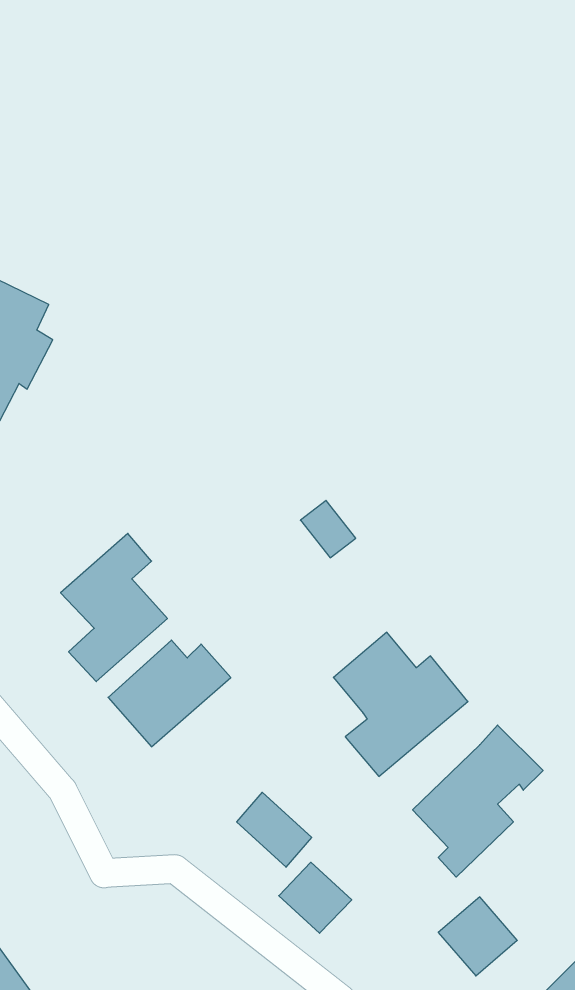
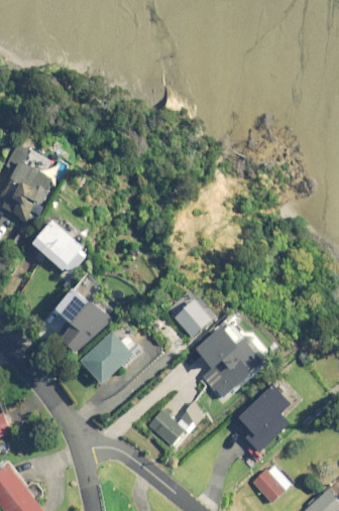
building: none -> [31,219,87,273]
building: [300,500,356,558] -> [179,304,207,334]
building: [279,862,352,933] -> none

